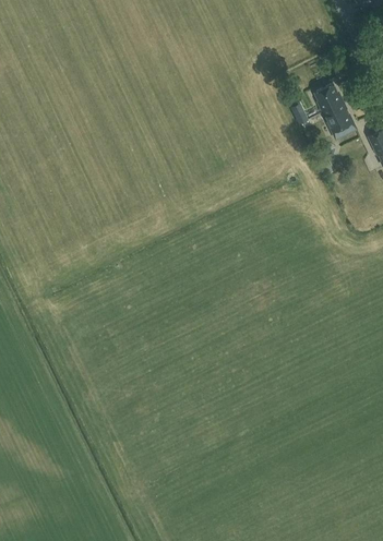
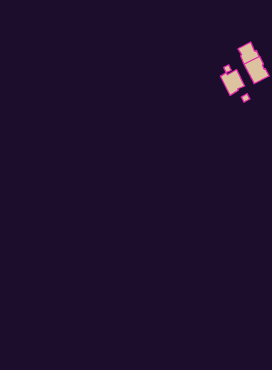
building: none -> [220,70,244,95]

